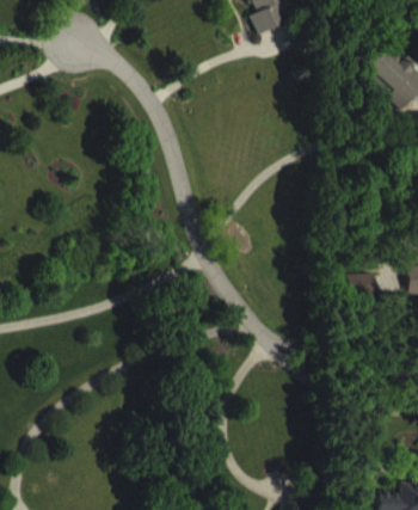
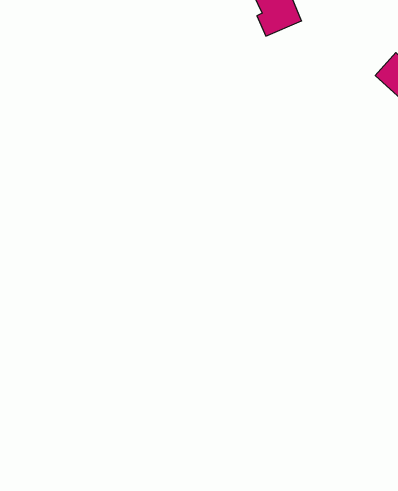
building: [348,274,376,294] -> none

